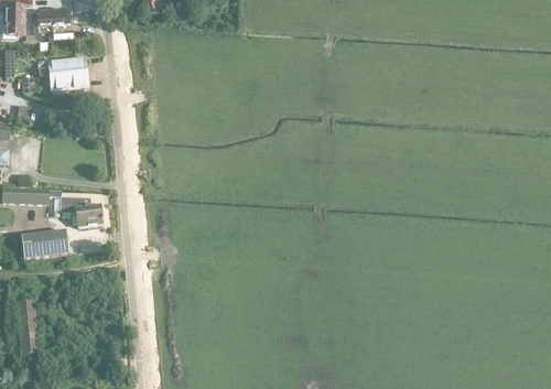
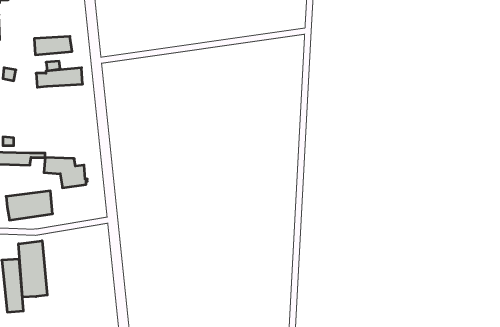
building: [37,56,85,76] -> [36,68,83,87]
building: none -> [19,241,47,297]

